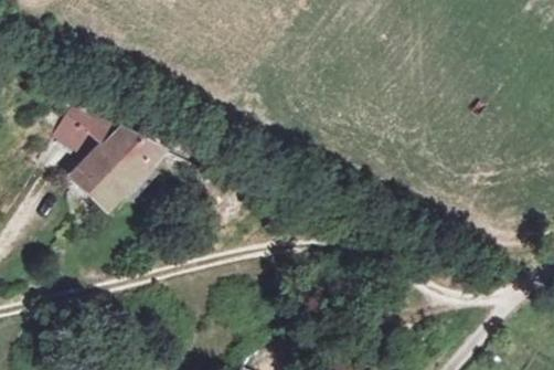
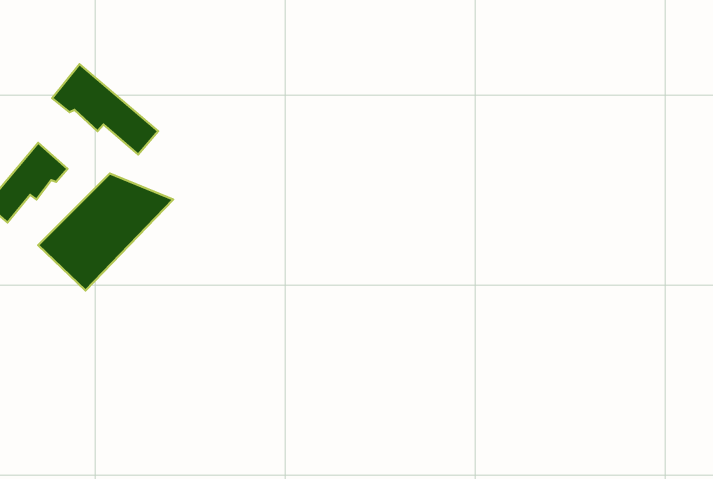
building: none -> [52,64,158,155]

